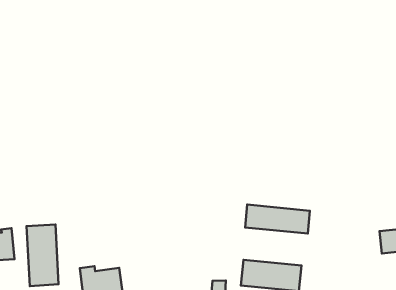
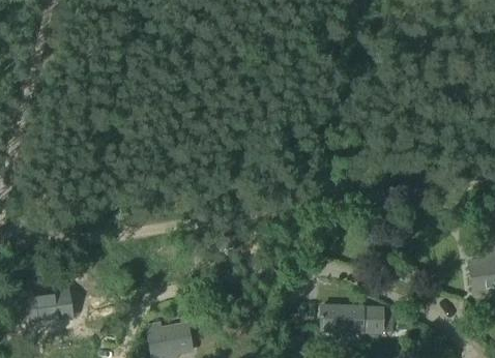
building: [245,205,310,234] -> none
building: [26,224,59,286] -> none

